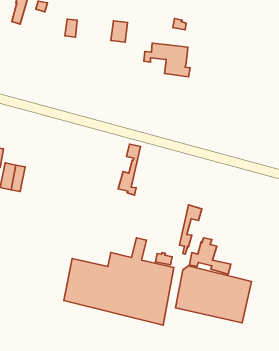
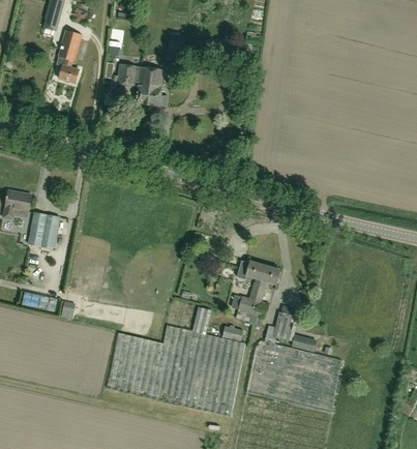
building: none -> [56,29,83,84]
building: [144,43,190,77] -> [110,65,168,108]
building: [118,144,140,195] -> [236,262,264,326]

